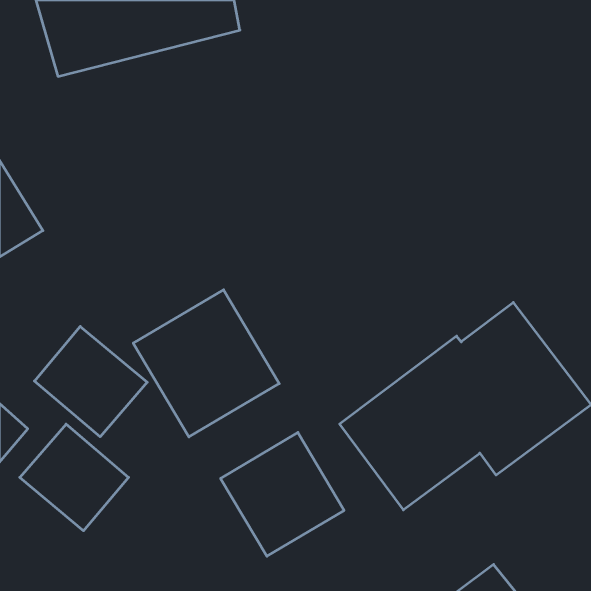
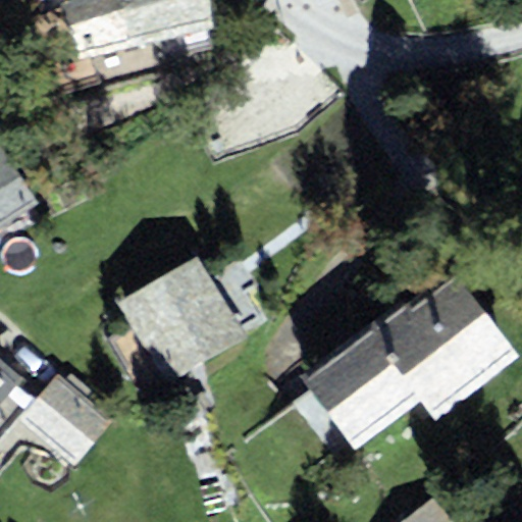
building: [34,326,147,437] -> none
building: [221,432,344,556] -> none

